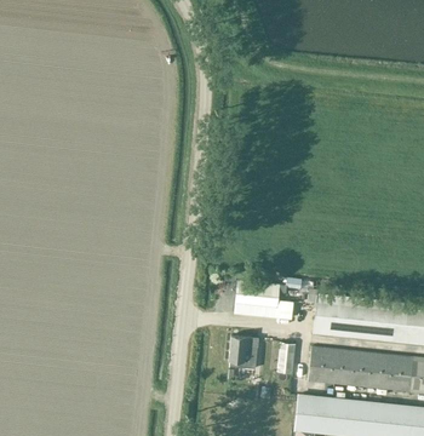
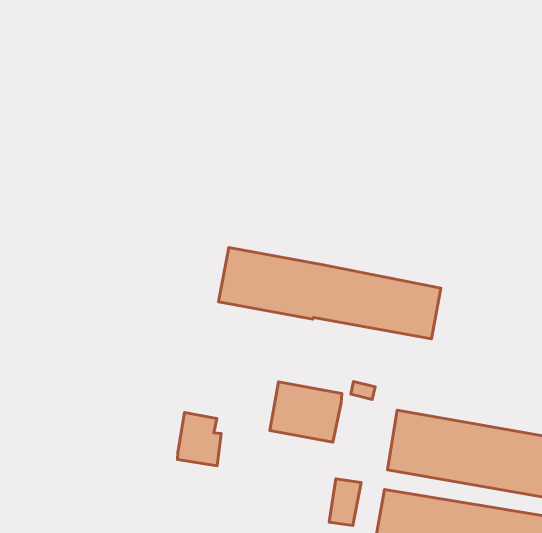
building: none -> [219,248,441,339]
building: [229,334,257,368] -> [177,413,221,466]

